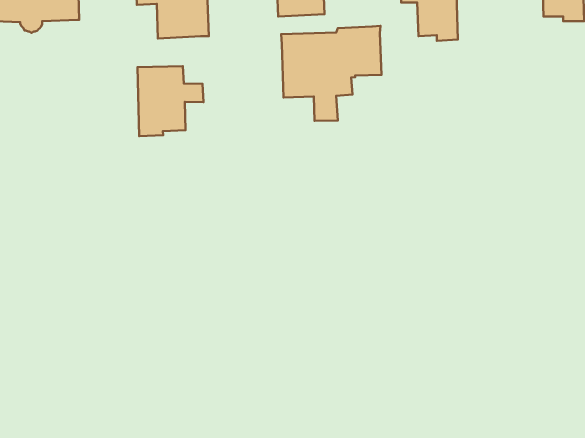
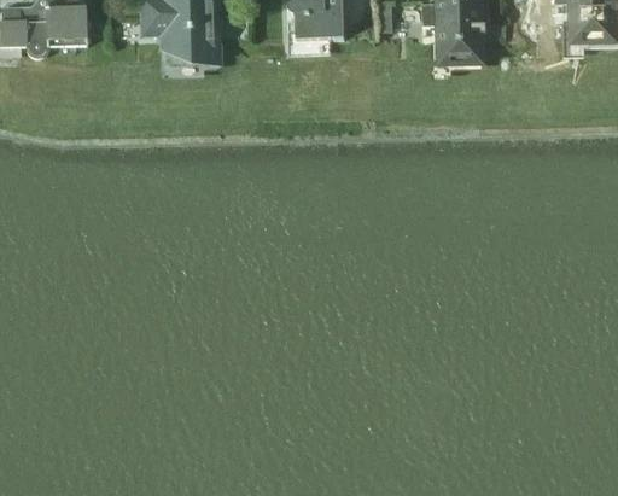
building: [281,26,382,121] -> none
building: [138,66,204,136] -> none

